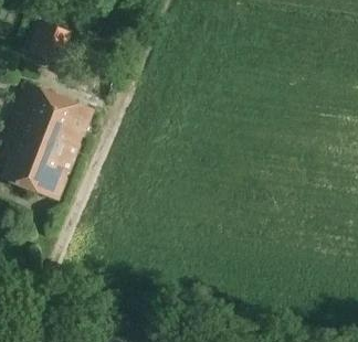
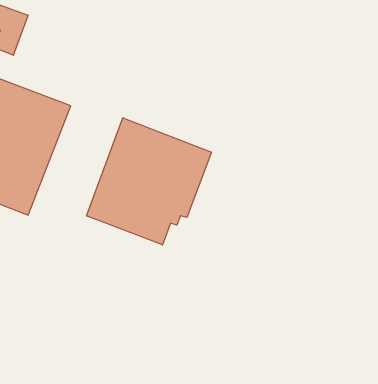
building: none -> [86,118,212,245]

